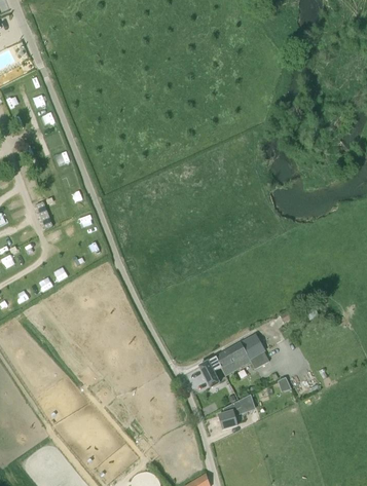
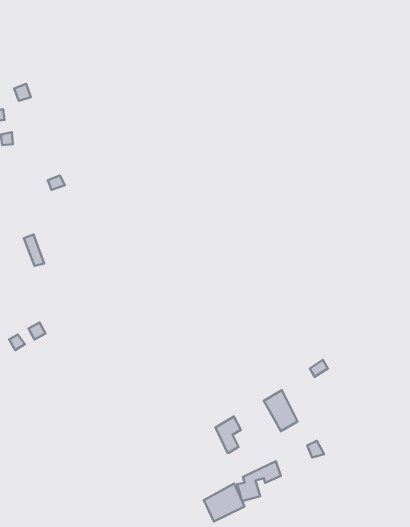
building: [214,343,249,374] -> none
building: none -> [204,484,245,521]

